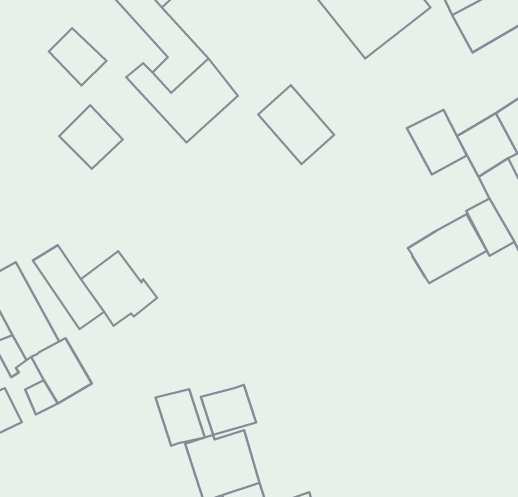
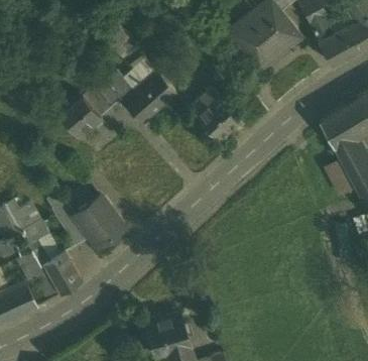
building: [49,28,106,86] -> [82,86,119,123]
building: [407,110,467,174] -> none
building: [408,214,487,283] -> none
building: [201,385,256,435] -> none
building: [155,389,205,446] -> none

